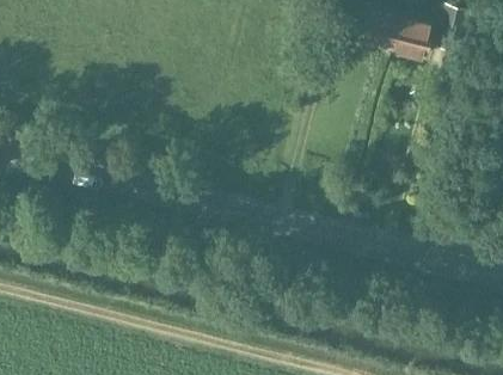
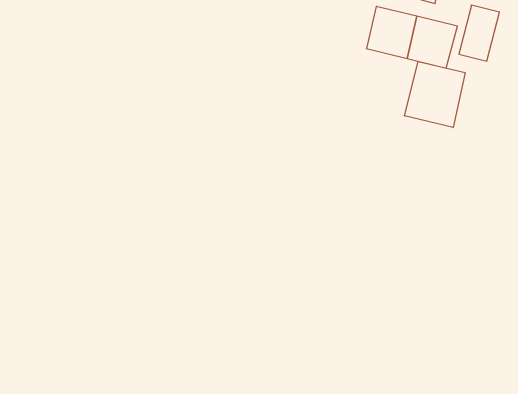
building: none -> [405,62,465,128]

